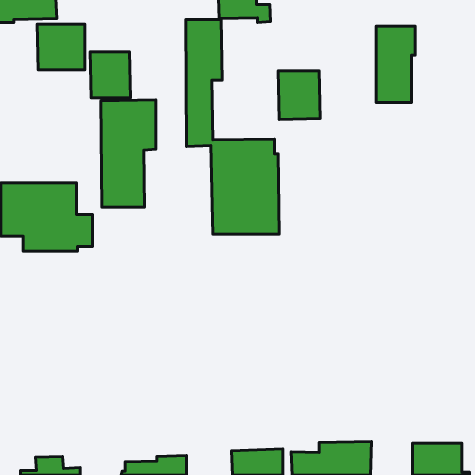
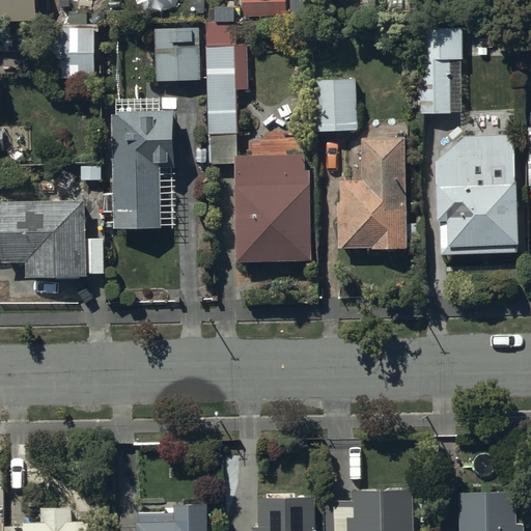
building: [90,52,130,98] -> [155,29,199,80]
building: none -> [435,135,516,254]
building: none -> [339,139,421,250]

